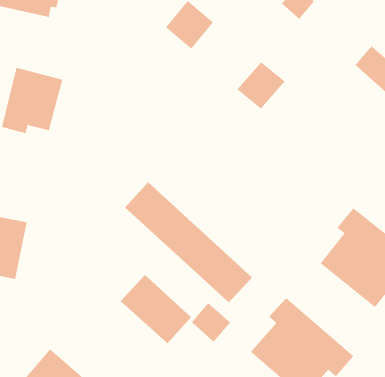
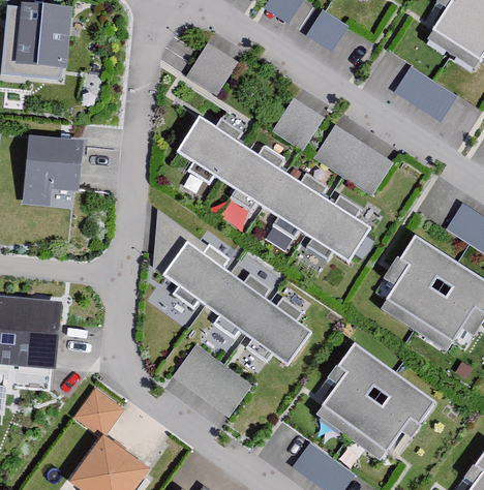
building: none -> [177,117,371,263]
building: none -> [314,126,392,195]
building: [191,302,231,342] -> none
building: none -> [75,388,121,434]

